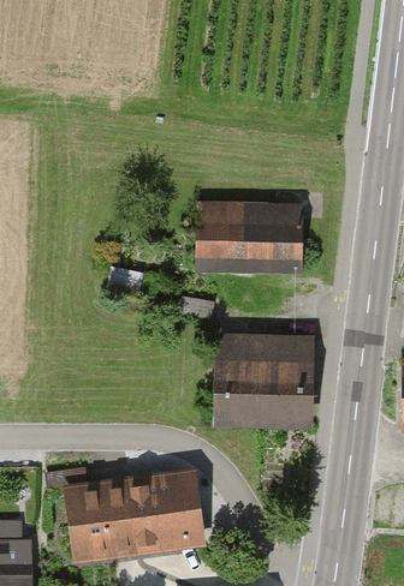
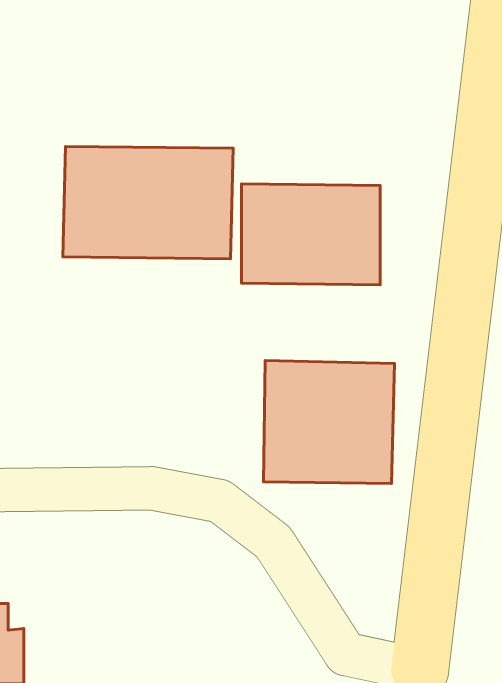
building: none -> [63,146,233,259]
building: [64,472,206,564] -> none

